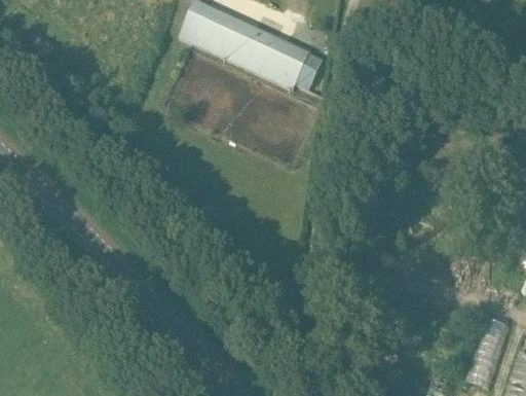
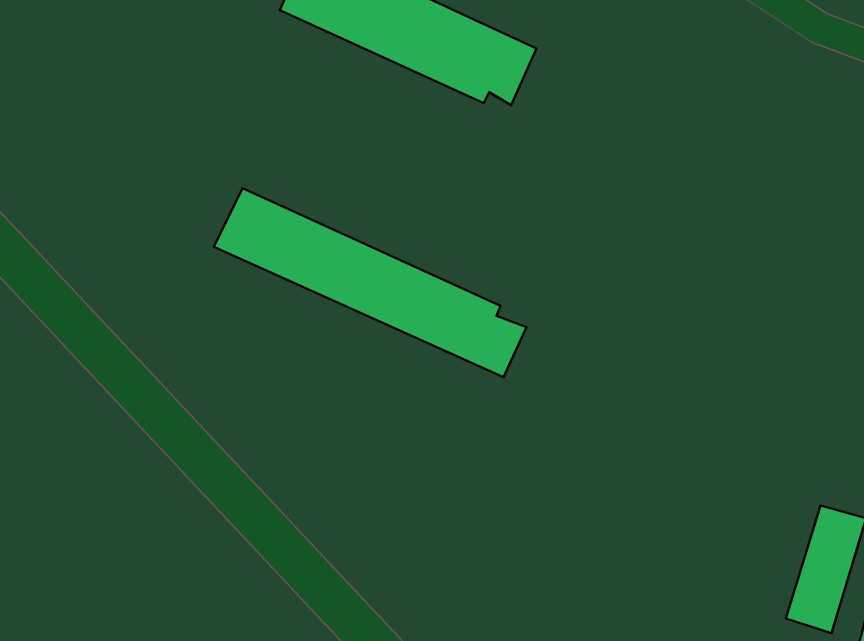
building: none -> [214,188,526,377]

